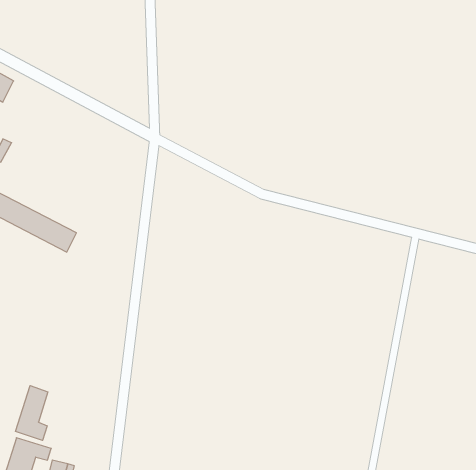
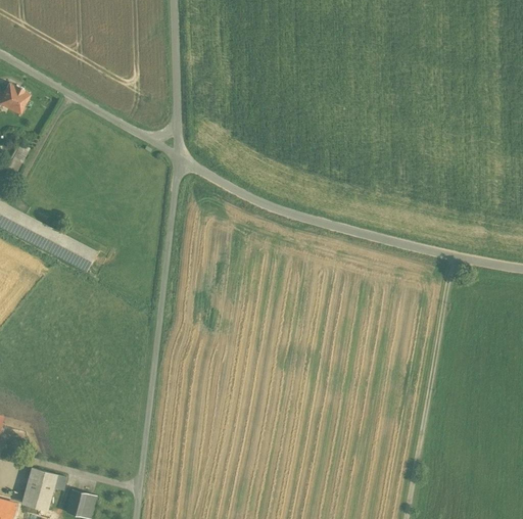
building: [16,386,48,440] -> none

